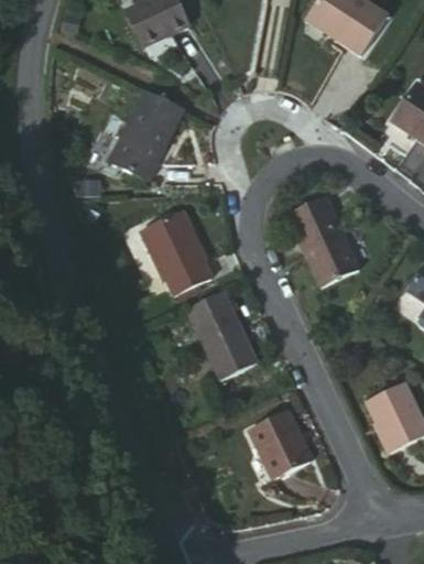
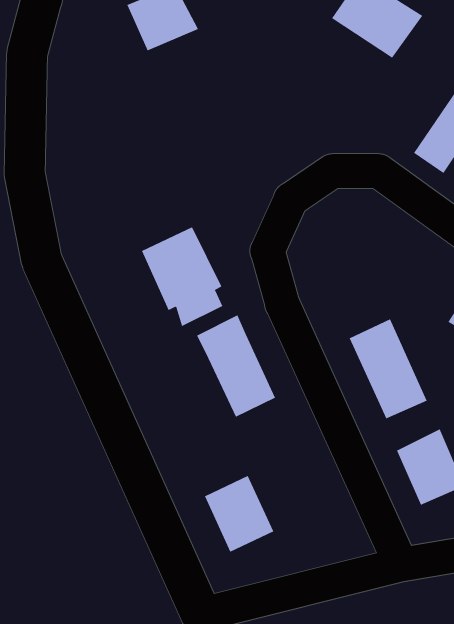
building: [107,86,182,177] -> none
building: [289,200,359,291] -> [349,319,427,419]
building: [249,410,312,479] -> [204,475,274,552]

